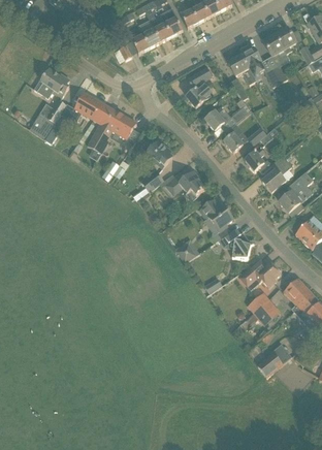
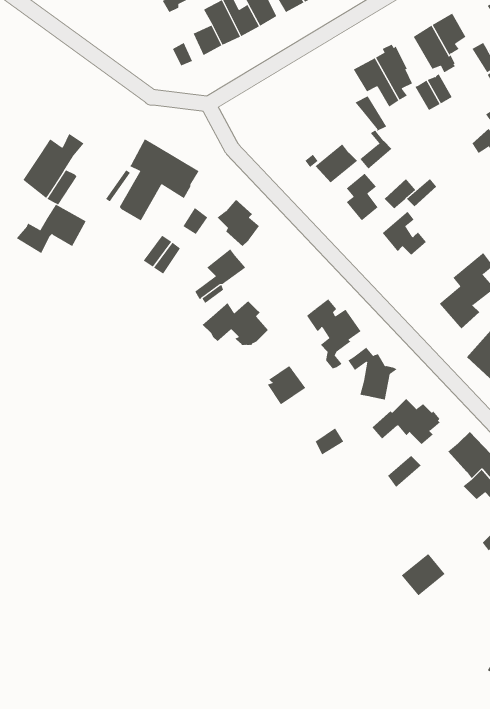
building: [33,67,69,96] -> none
building: [186,67,211,106] -> none
building: [60,92,102,122] -> [16,204,86,254]
building: [262,155,292,191] -> none
building: [164,169,204,196] -> [202,301,269,345]
building: [246,298,280,325] -> none

